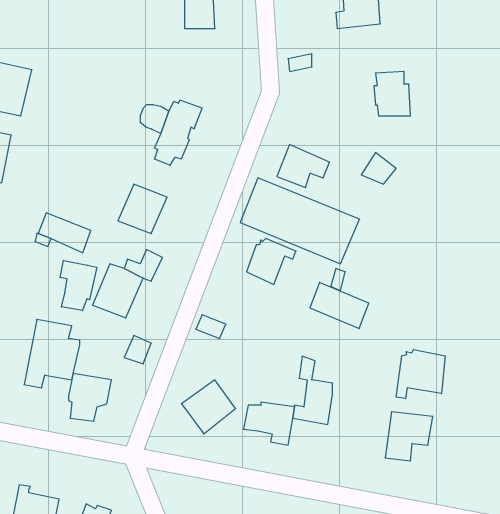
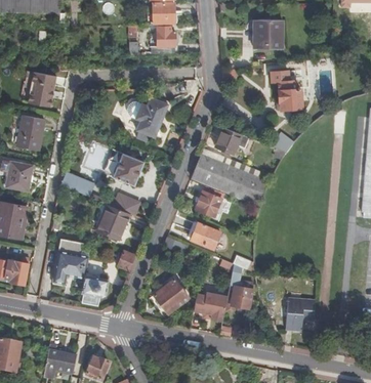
building: [60,260,97,311] -> none
building: [310,282,369,329] -> [187,221,224,251]
building: [396,349,445,399] -> none

